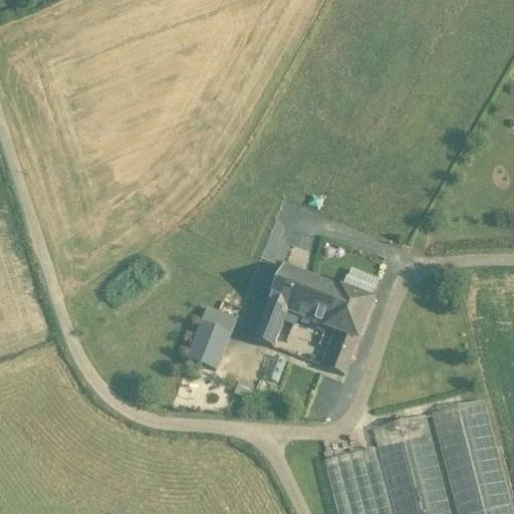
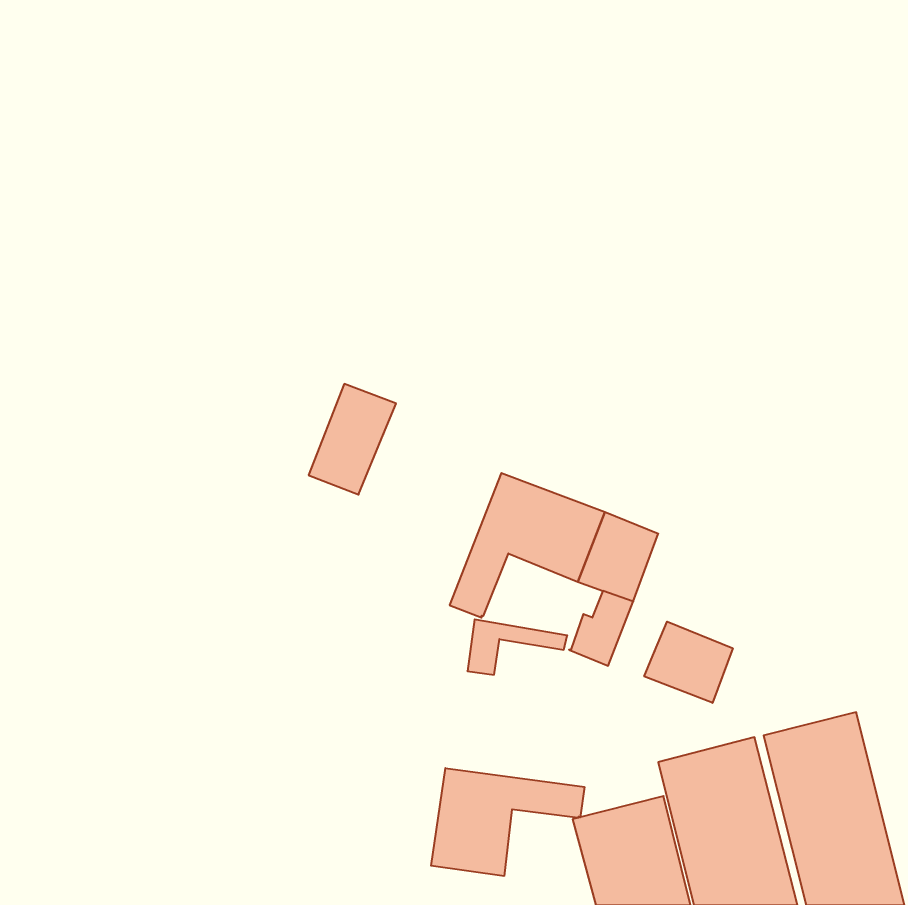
building: [186,307,235,369] -> [309,384,396,495]
building: none -> [644,622,733,703]
building: none -> [431,768,584,876]

